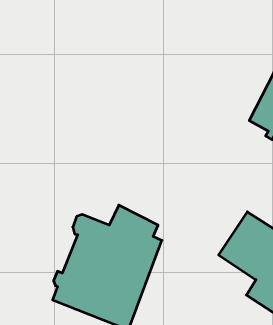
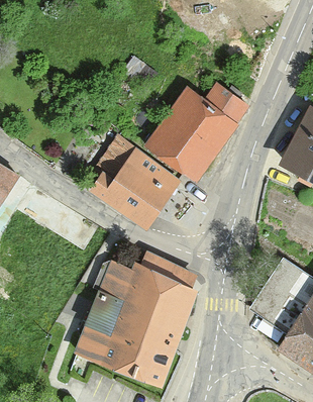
building: none -> [148,85,246,180]
building: none -> [93,136,179,226]

